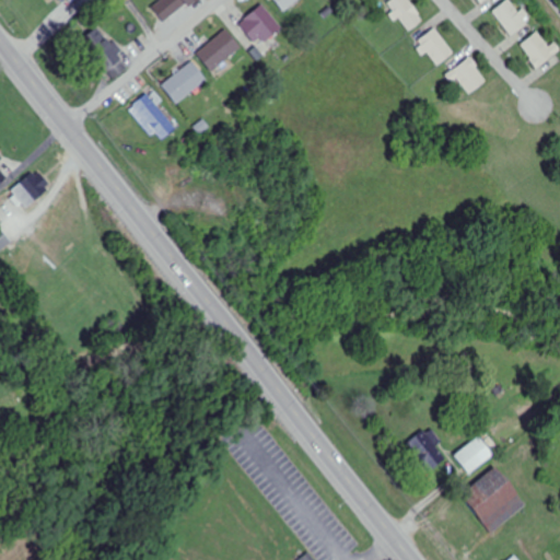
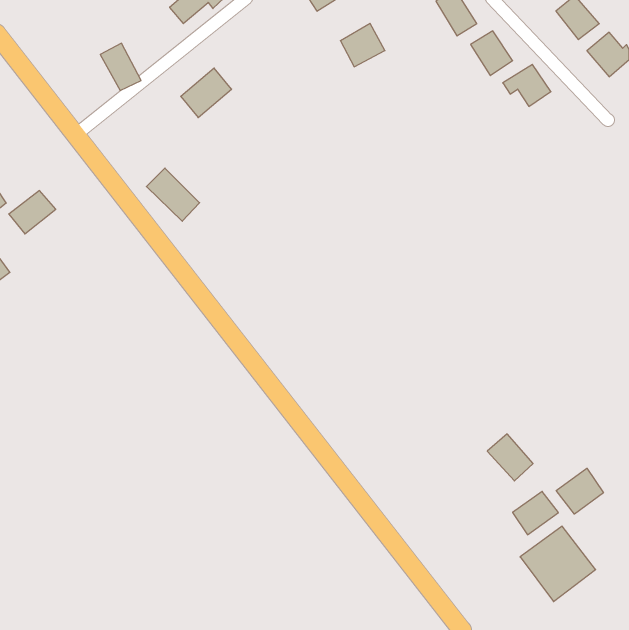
building: [238,4,278,43] -> [340,23,385,67]
building: [195,28,240,71] -> none
building: [127,93,174,140] -> [146,168,200,221]
building: none -> [556,468,603,514]
building: [404,429,444,470] -> [487,434,533,481]

